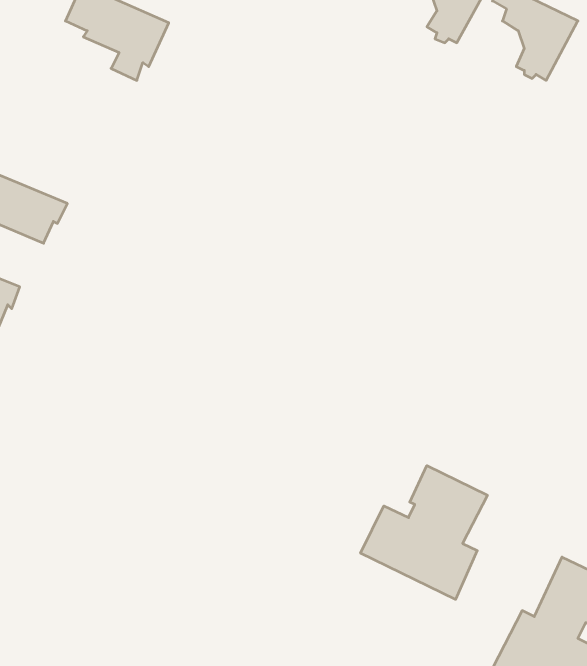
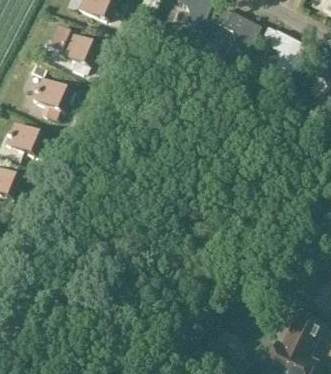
building: none -> [32,76,78,119]
building: [361,466,487,599] -> none

